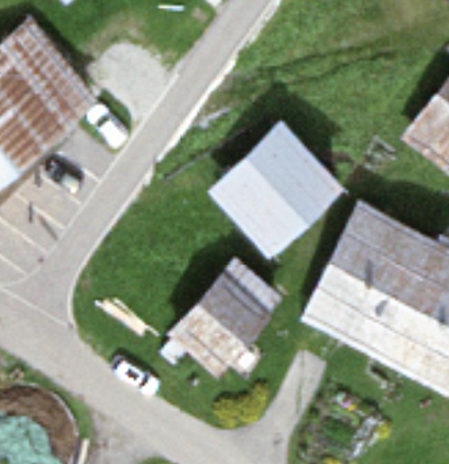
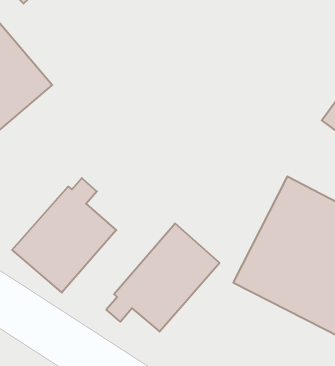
building: [206,123,342,259] -> none
building: none -> [12,178,116,293]

